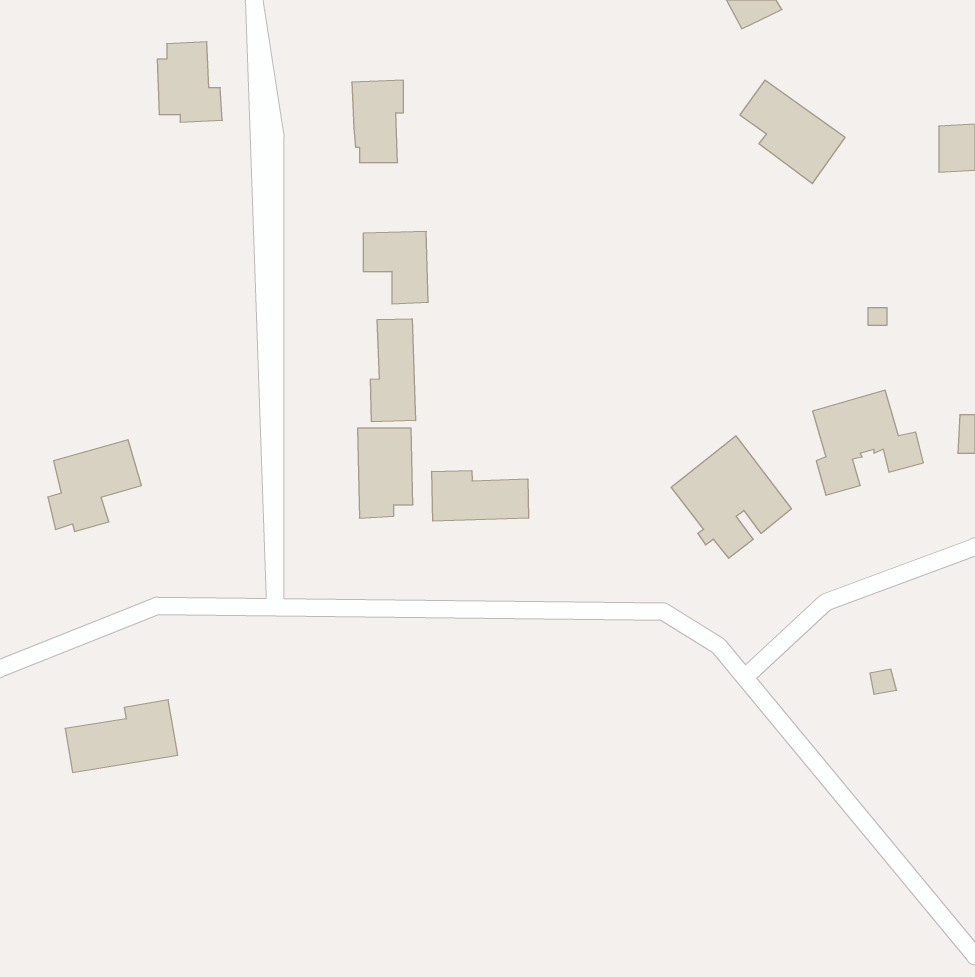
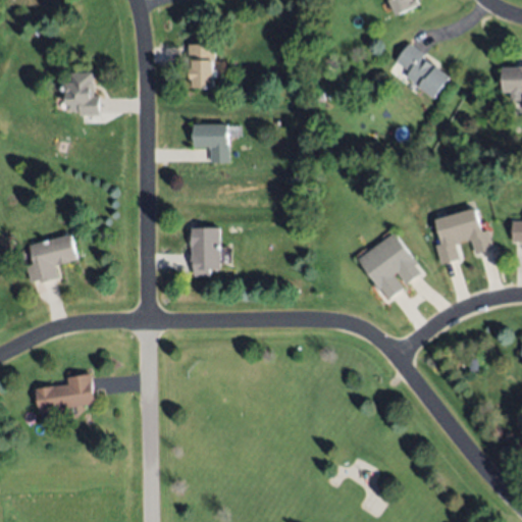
building: [157,42,222,122] -> [64,71,99,114]
building: [371,319,416,422] -> none
building: [432,471,528,521] -> none

